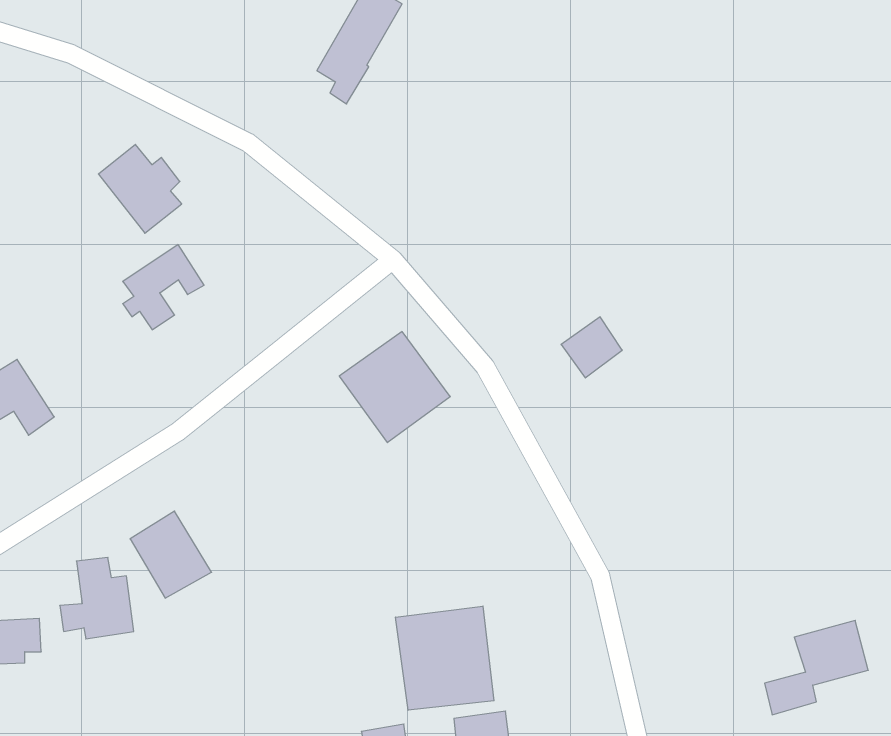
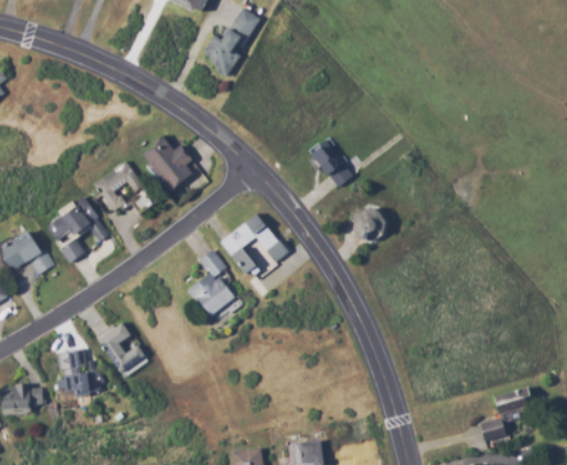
building: [98,144,182,233] -> [143,138,193,192]
building: none -> [309,141,351,189]
building: none -> [43,198,106,262]
building: none -> [186,250,238,323]
building: [396,606,494,710] -> none

